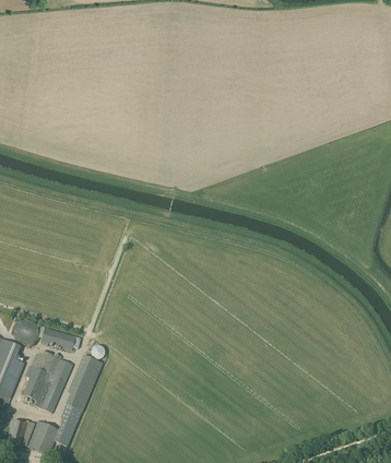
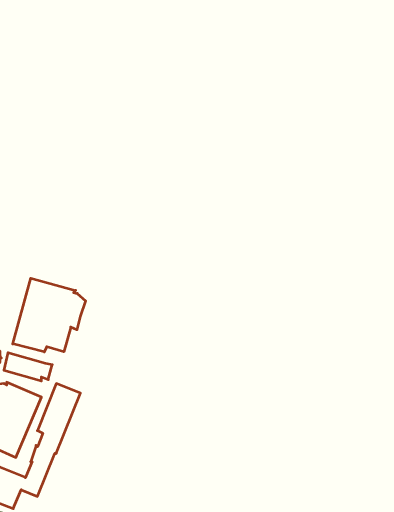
building: none -> [13,278,86,352]

